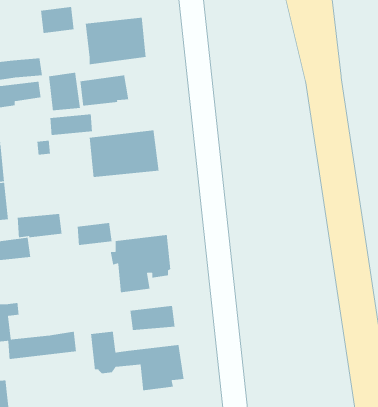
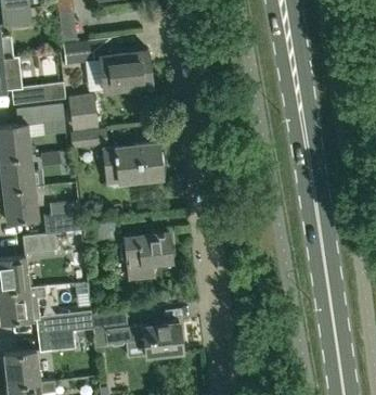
building: [80,74,129,107] -> none
building: [130,302,198,331] -> [37,328,93,352]

